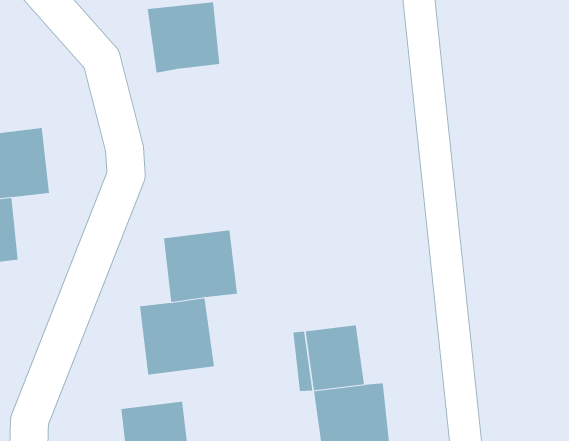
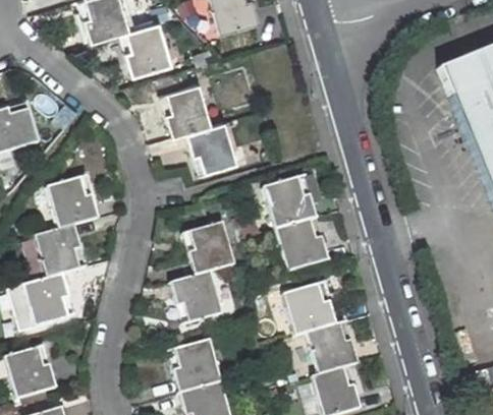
building: none -> [173,110,230,167]
building: none -> [265,178,337,275]

